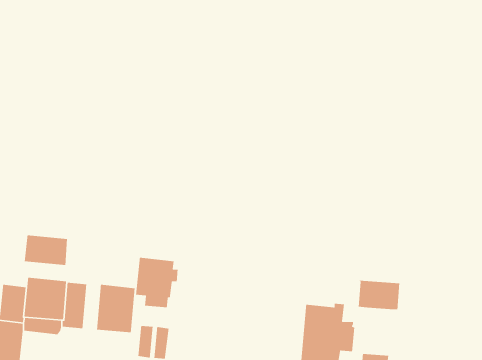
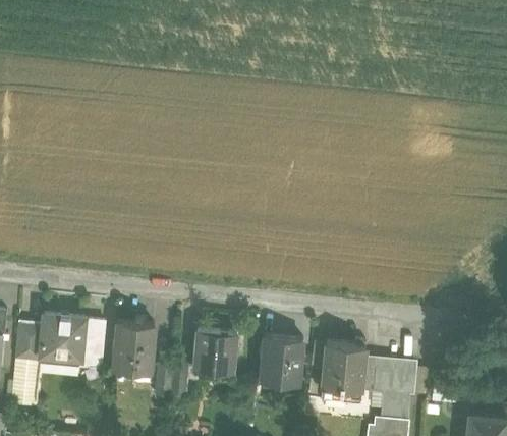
building: [24,235,68,266] -> none
building: [135,257,178,308] -> [195,329,239,381]
building: [358,279,400,310] -> [374,362,416,393]
building: none -> [261,335,303,384]

